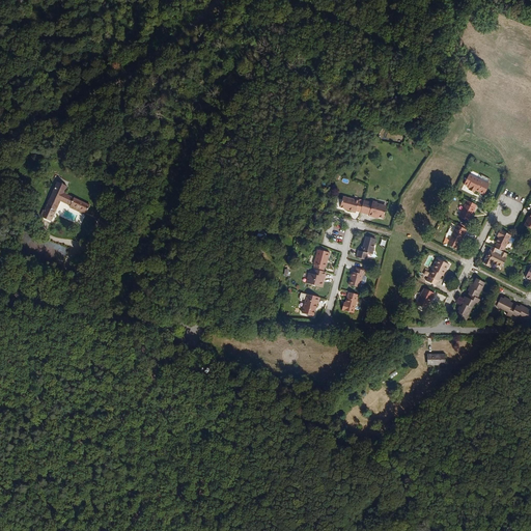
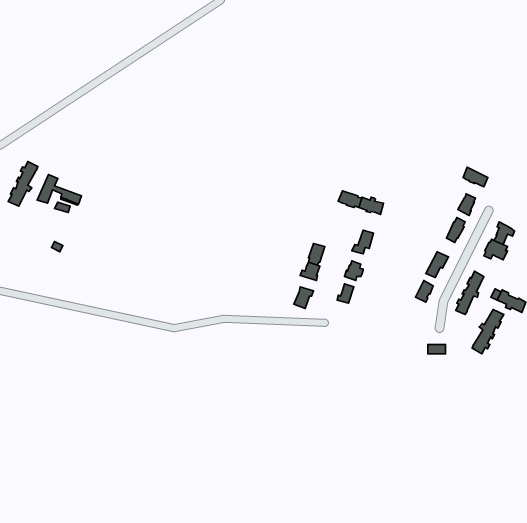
building: none -> [8,162,38,206]
building: none -> [472,309,504,354]

